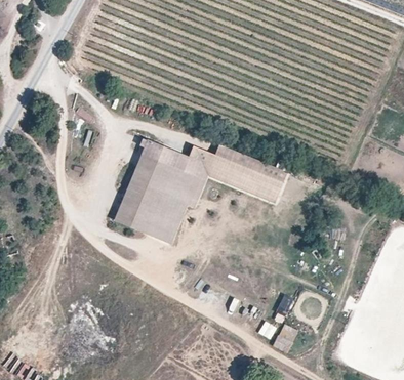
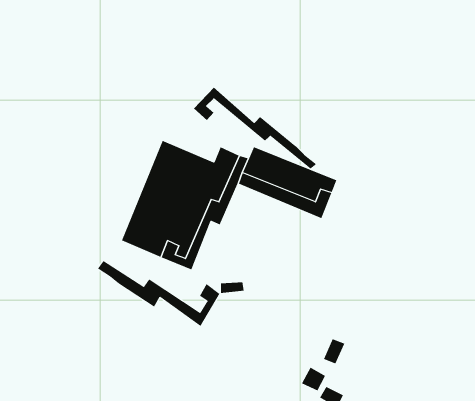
building: none -> [193,87,317,169]
building: none -> [97,260,220,327]

